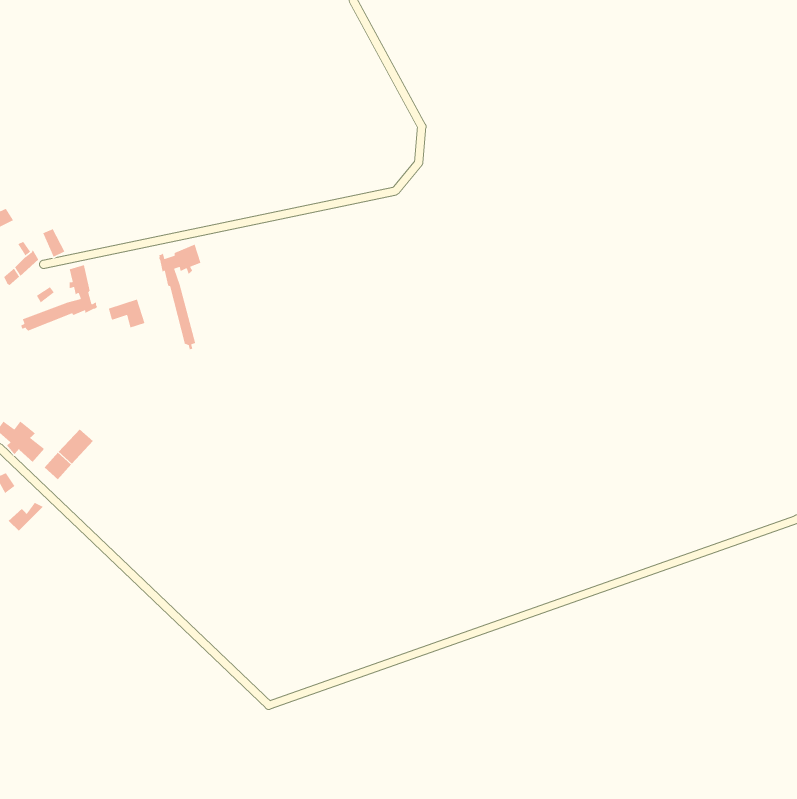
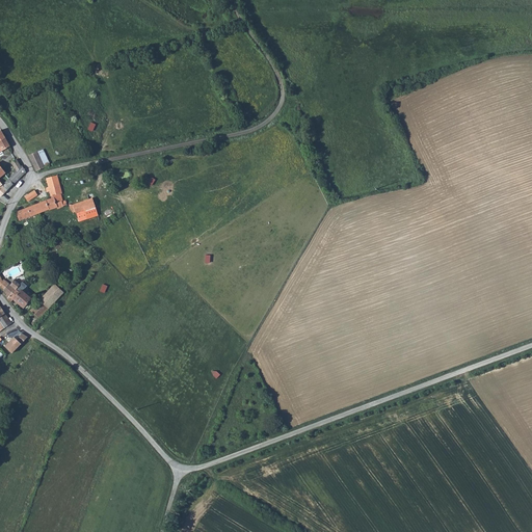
building: [158,244,201,350] -> none

